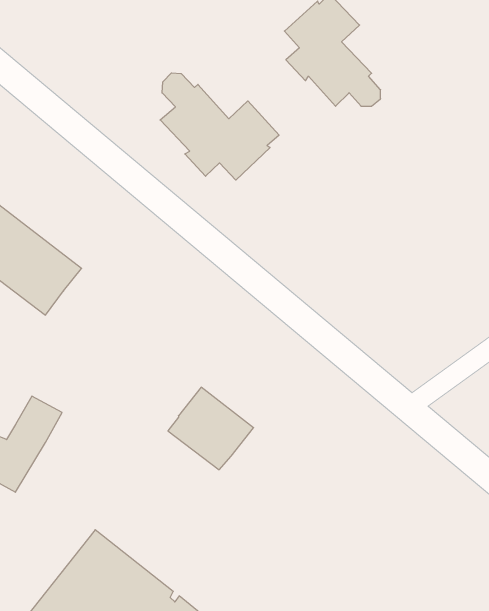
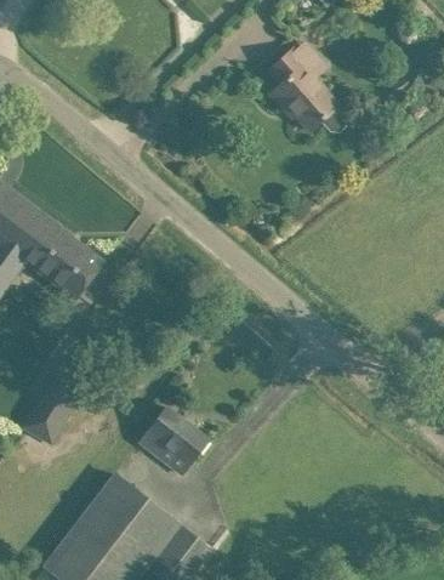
building: [160,73,279,180] -> none
building: [168,387,254,470] -> [138,405,207,472]

